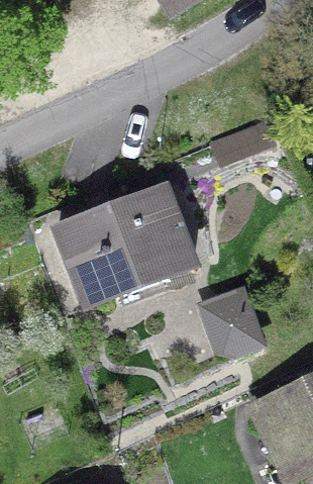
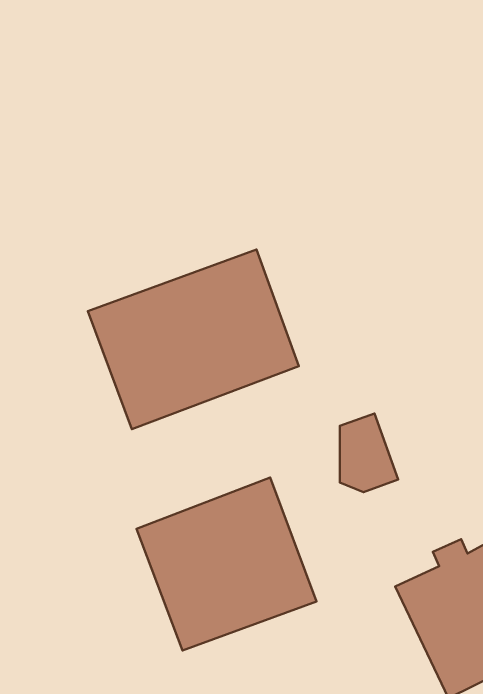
building: none -> [136,478,316,651]

